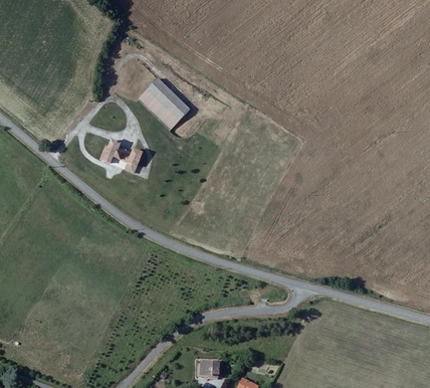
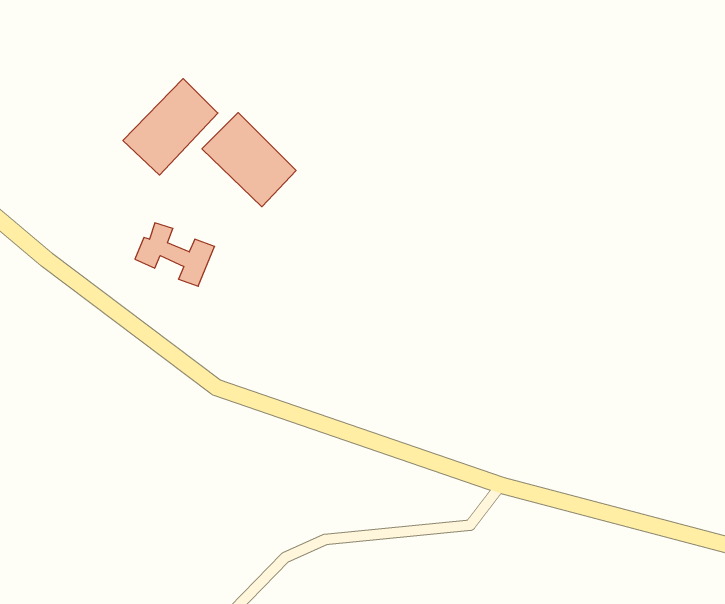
building: none -> [123,79,218,175]

